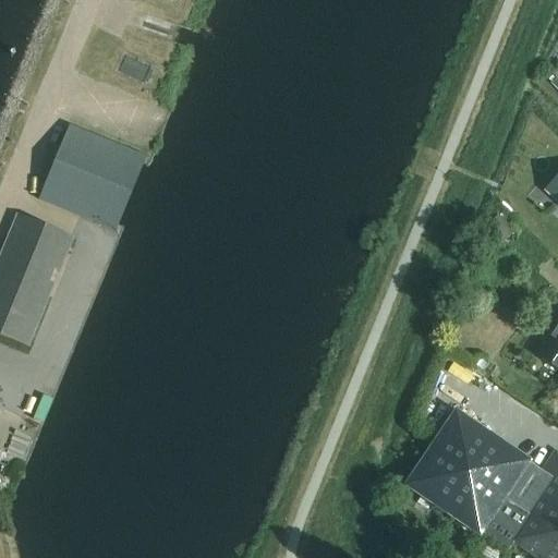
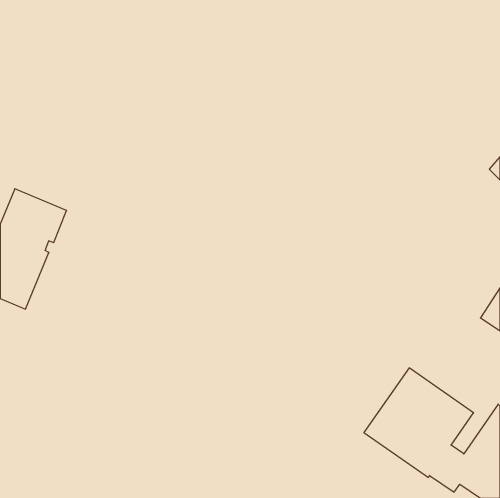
building: [38,123,146,230] -> none

